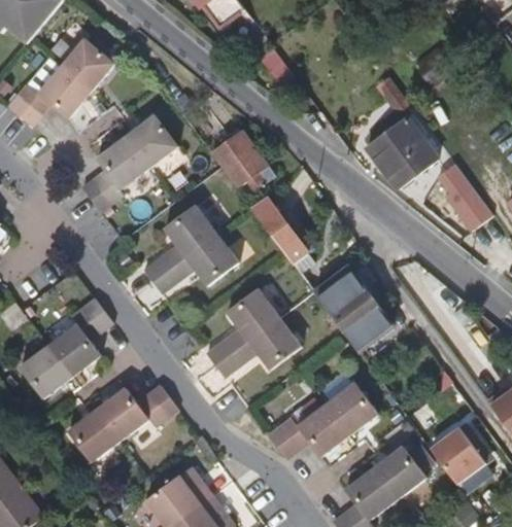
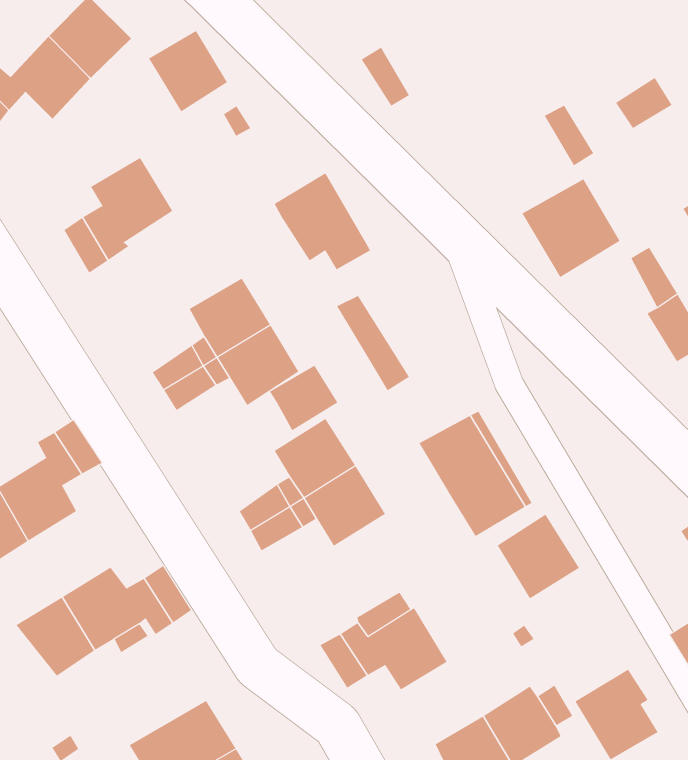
building: [126,113,177,166] -> [148,30,228,112]
building: none -> [269,365,338,431]
building: [325,379,378,433] -> [497,514,580,599]

